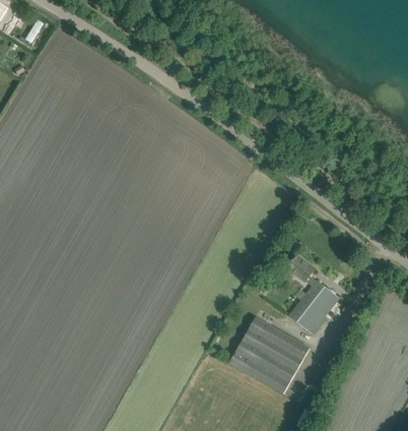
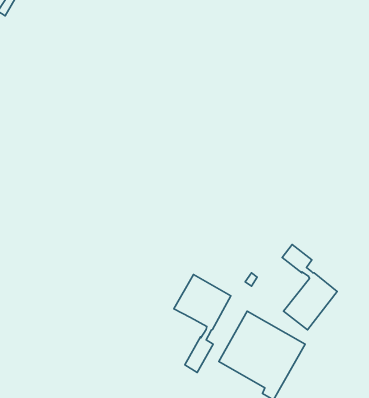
building: none -> [174,275,231,372]

